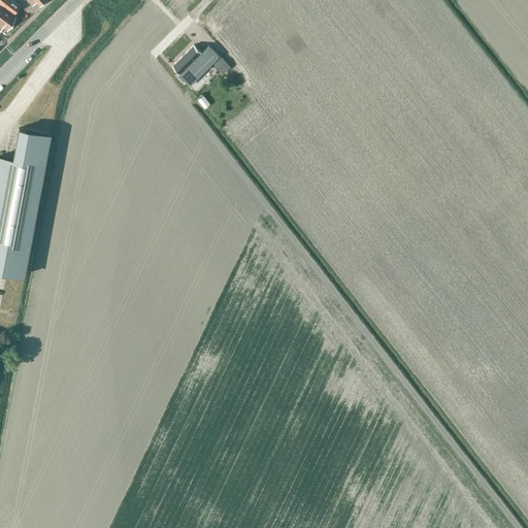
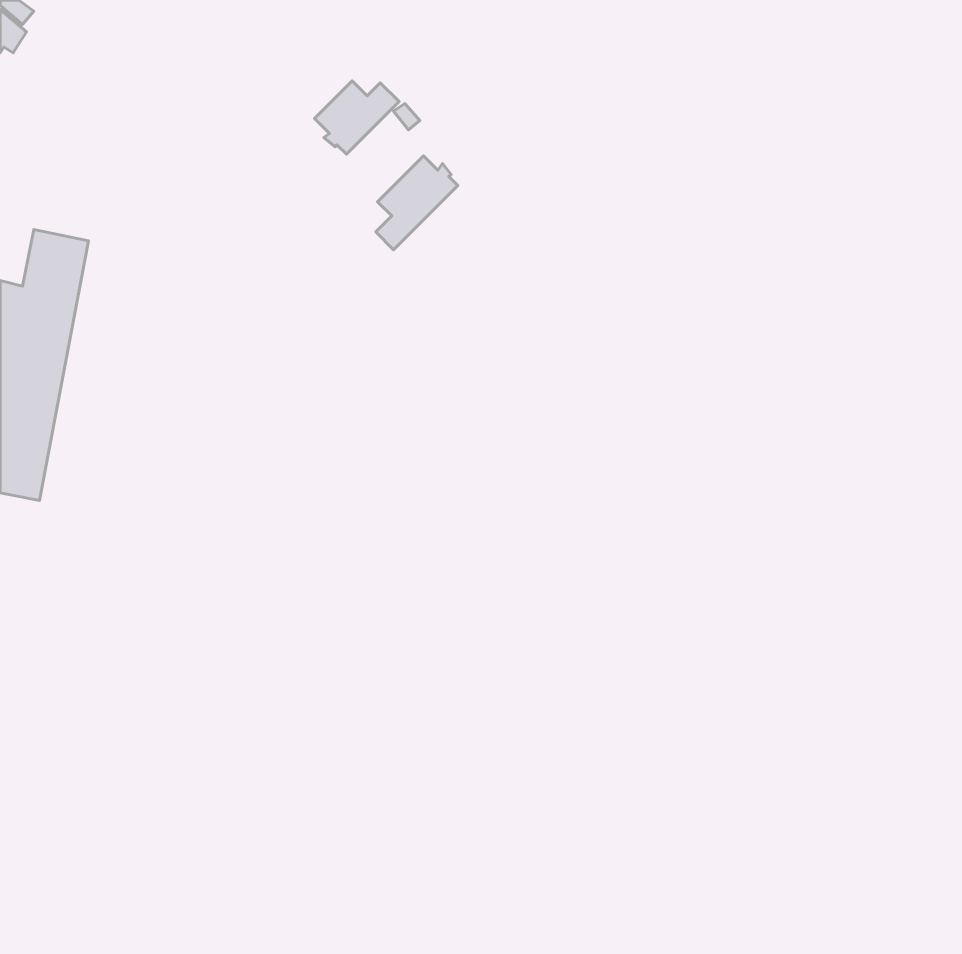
building: none -> [376,156,458,250]

